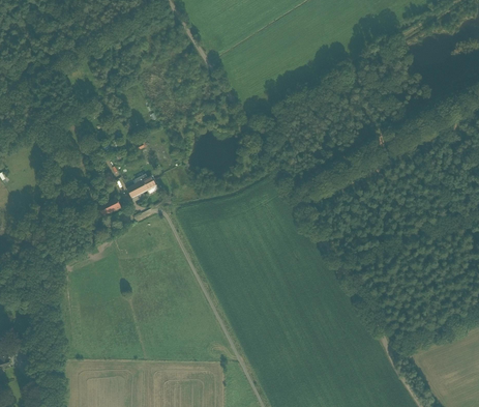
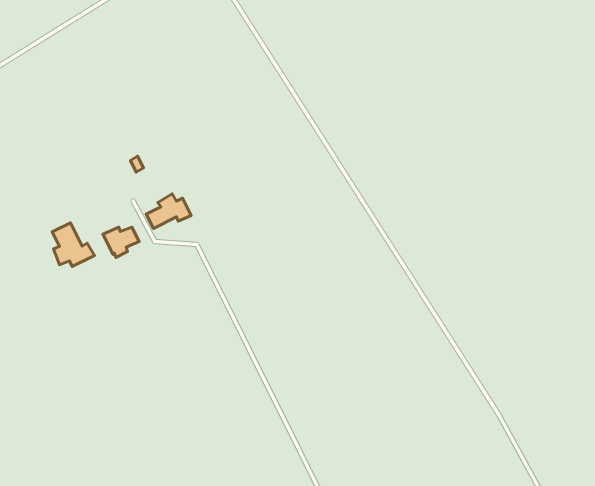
building: none -> [52,223,94,267]

